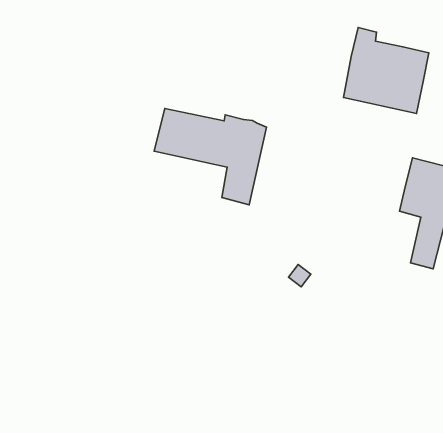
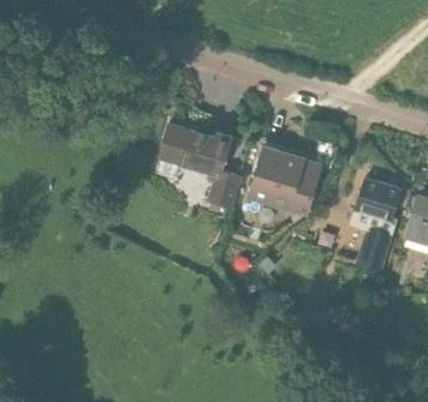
building: [343,27,429,114] -> [249,142,320,214]

